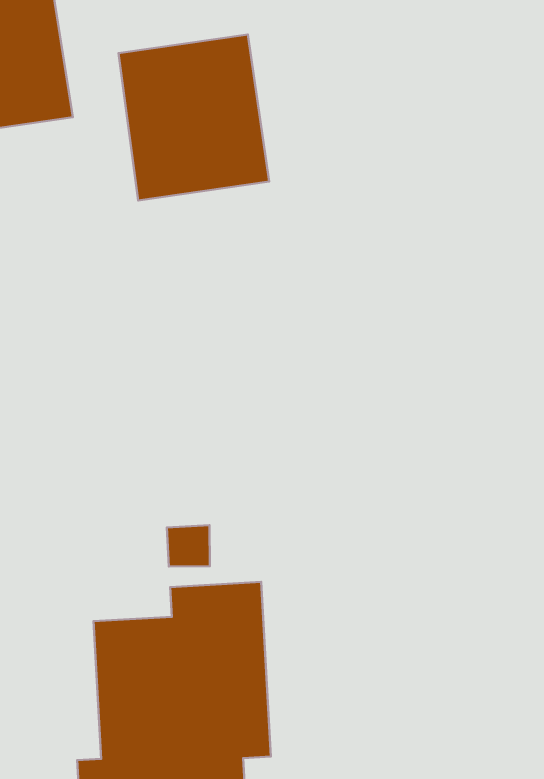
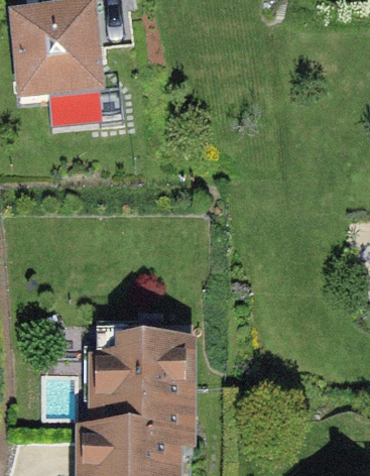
building: [118,34,269,200] -> none

